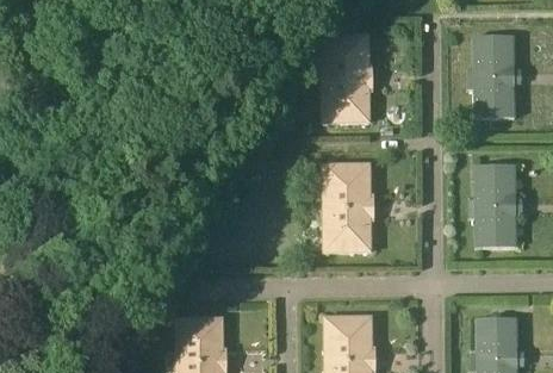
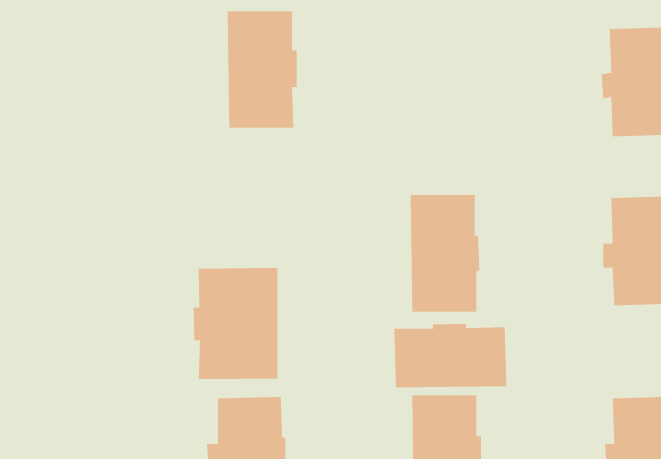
building: [319,33,373,123] -> [227,11,297,128]
building: none -> [193,267,278,380]
building: none -> [394,323,507,388]

